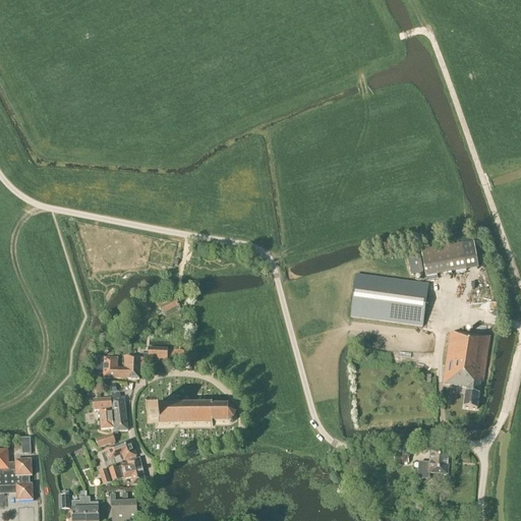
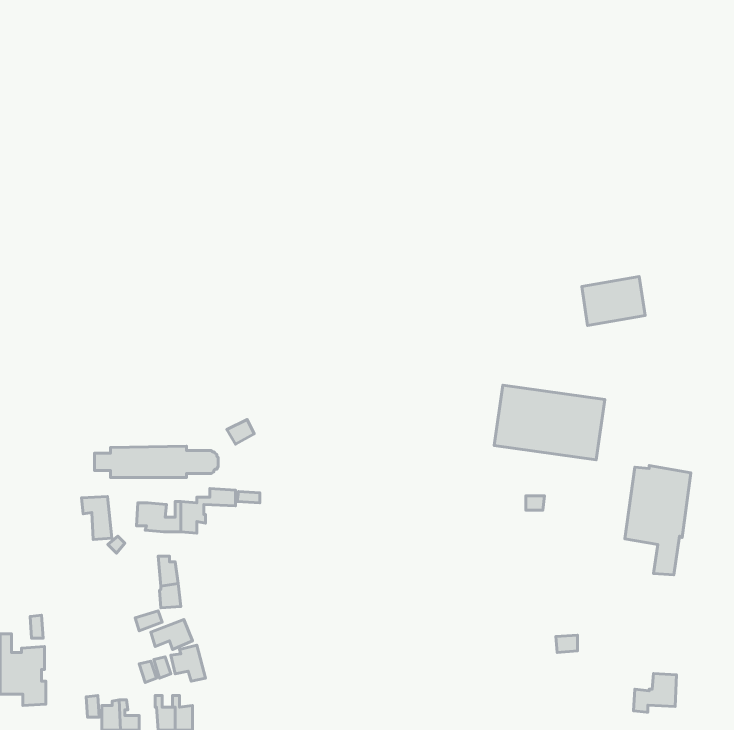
building: [421,241,466,276] -> [582,277,645,325]
building: [93,397,114,427] -> [82,497,112,540]
building: [148,403,235,425] -> [95,446,218,478]
building: [418,450,449,477] -> [633,673,677,712]

